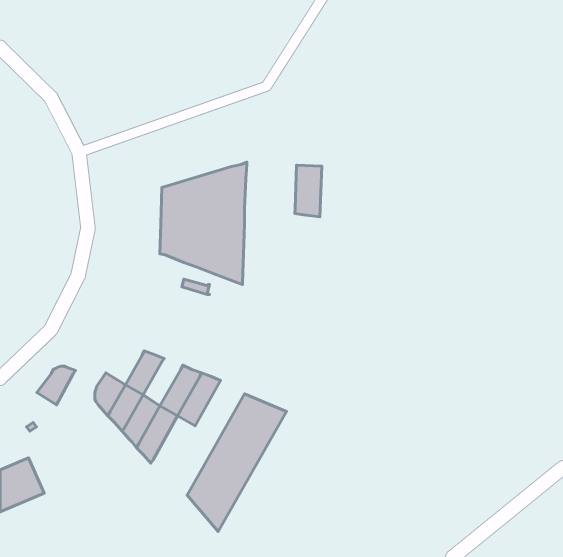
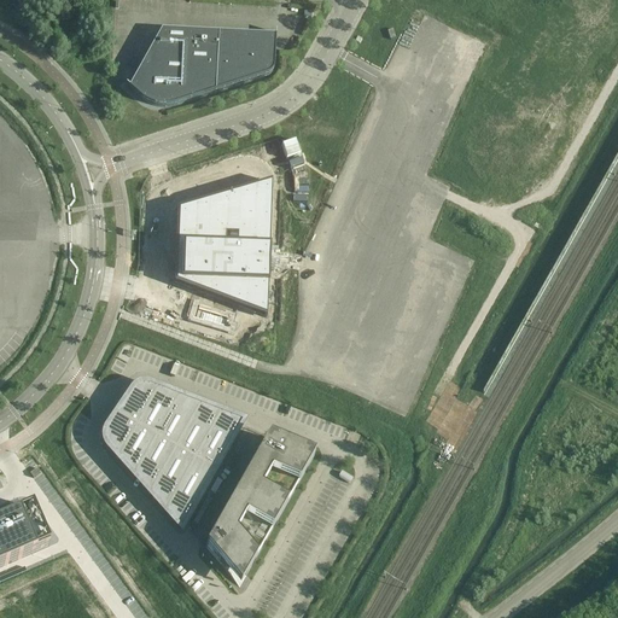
building: none -> [124,24,275,100]
building: [295,165,322,217] -> none
building: none -> [157,392,200,444]
building: [37,366,75,405] -> [116,379,158,421]
building: none -> [165,455,214,525]

